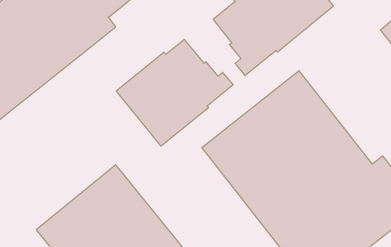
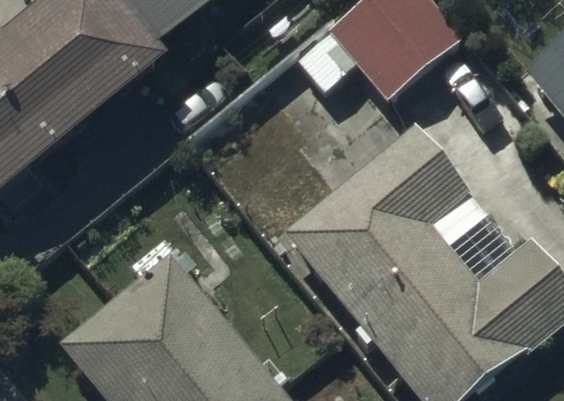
building: [116,39,233,146] -> none

